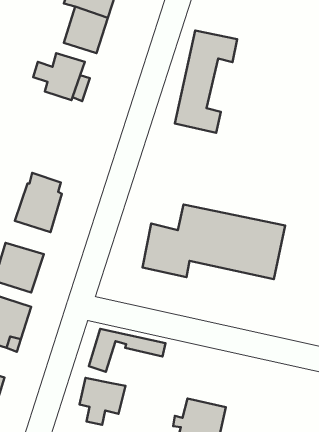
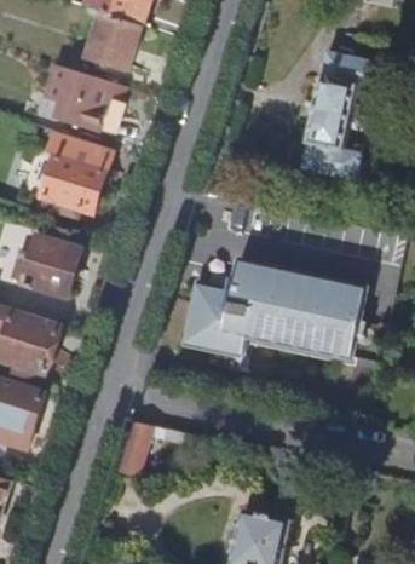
building: [175,31,237,133] -> [299,52,377,182]
building: none -> [40,132,114,215]
building: [80,378,125,425] -> none

